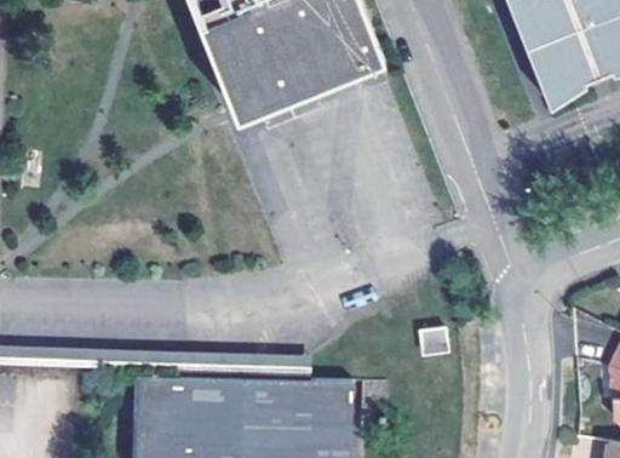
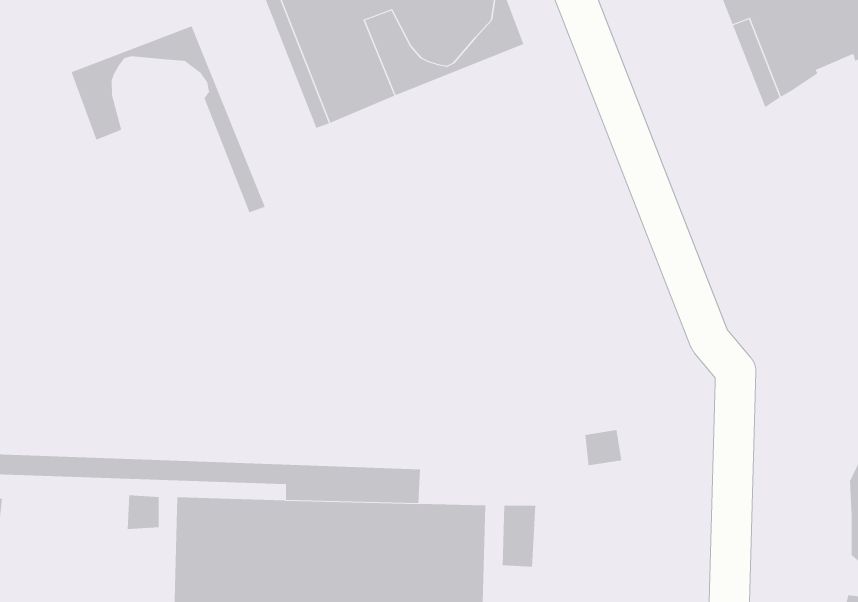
building: none -> [71,25,265,213]

